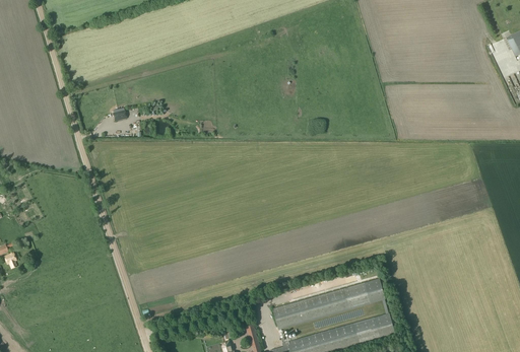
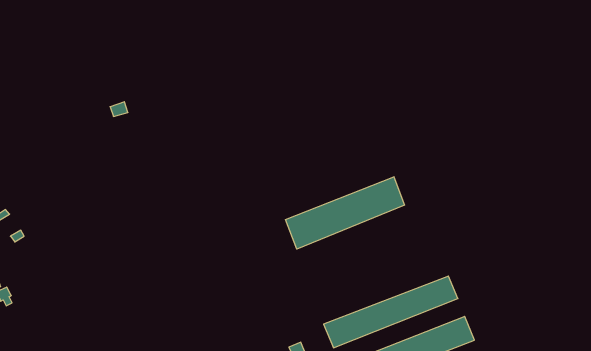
building: none -> [285,177,404,249]

